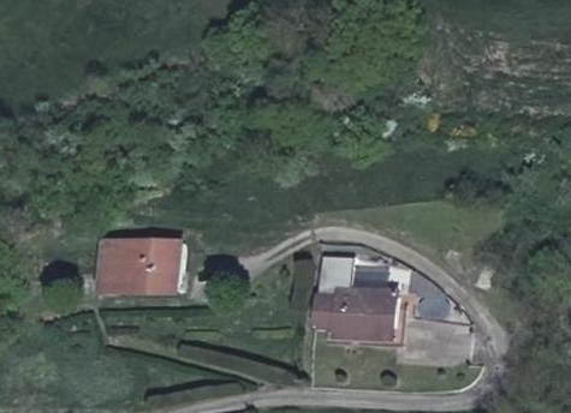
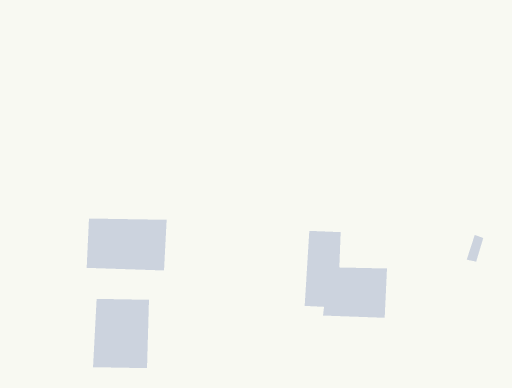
building: none -> [93,298,150,369]

